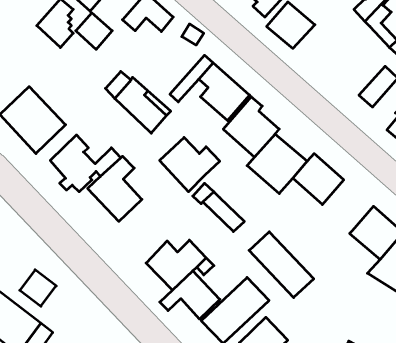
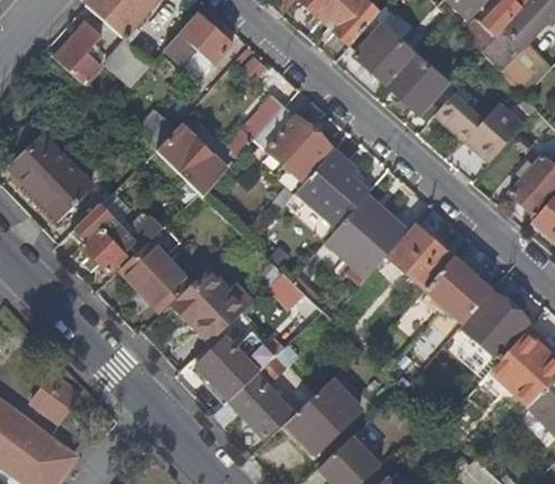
building: none -> [387,54,447,115]
building: none -> [436,93,507,146]
building: [160,137,220,192] -> [175,269,253,340]
building: none -> [425,256,491,322]
building: [249,232,314,298] -> none

